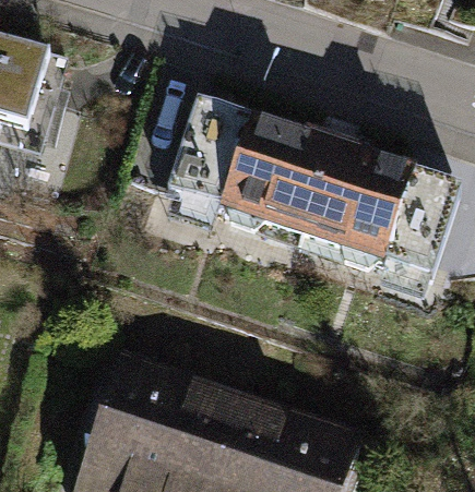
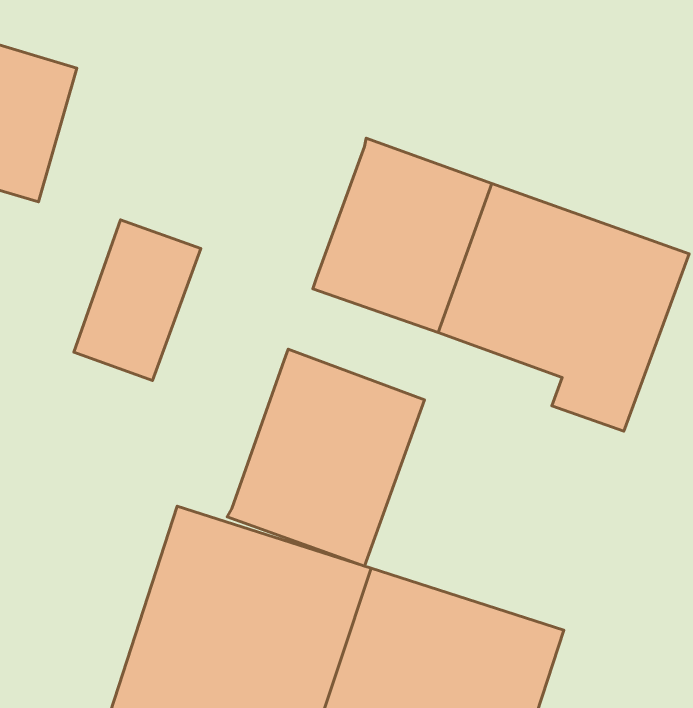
building: [157,98,240,203] -> [74,220,201,381]
building: none -> [227,349,424,566]

